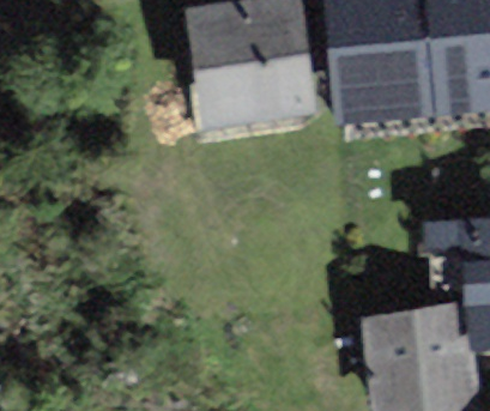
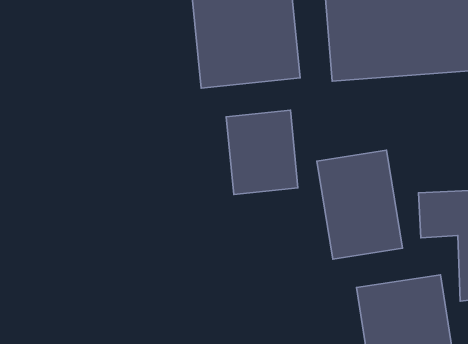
building: none -> [226,110,298,195]
building: none -> [317,150,403,259]

